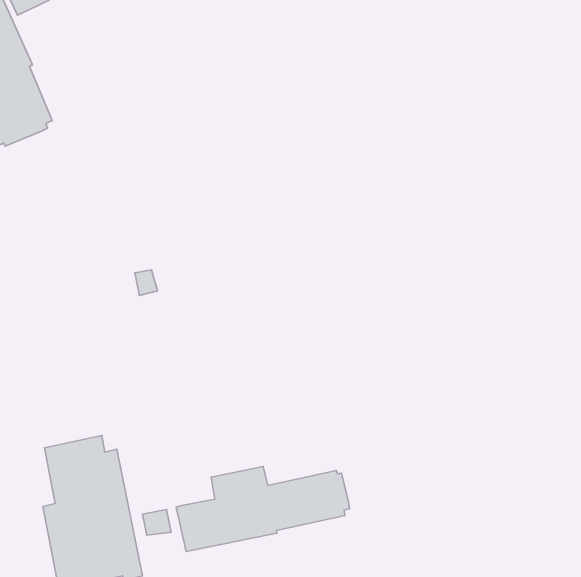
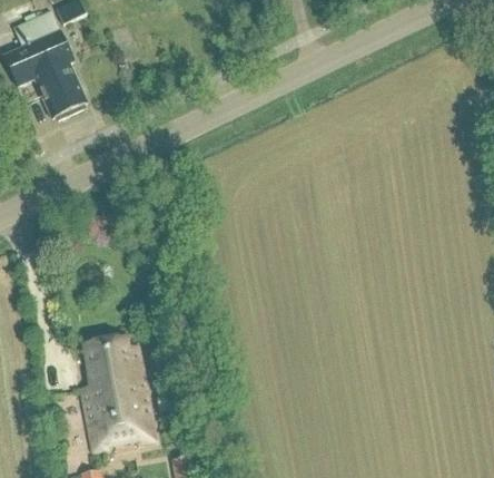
building: [176,467,349,551] -> none

